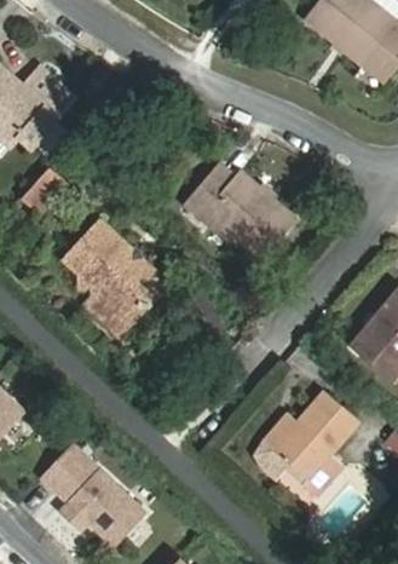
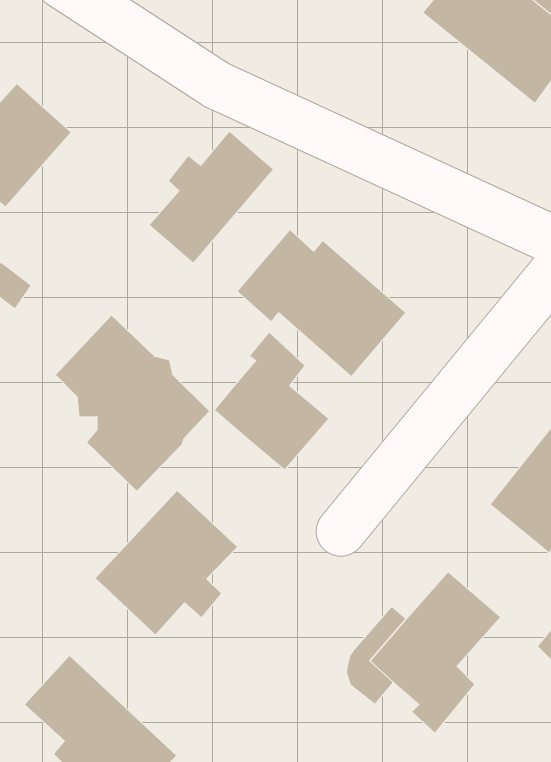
building: none -> [149,131,274,263]
building: none -> [214,332,329,470]
building: none -> [95,490,238,635]

